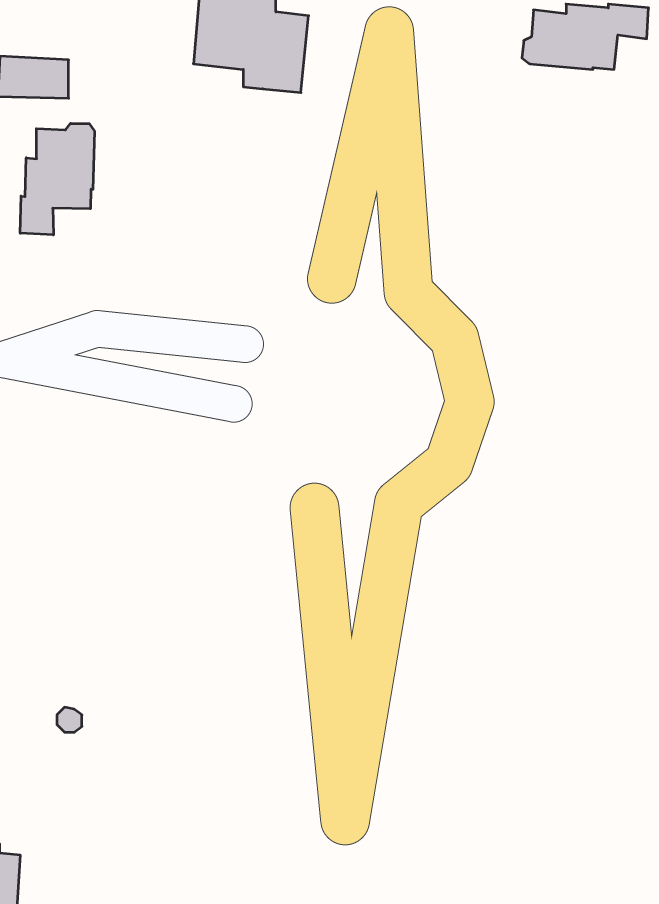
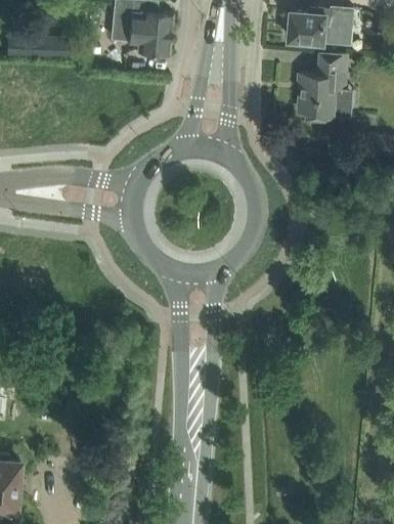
building: none -> [299,52,350,118]
building: [20,123,95,235] -> none

